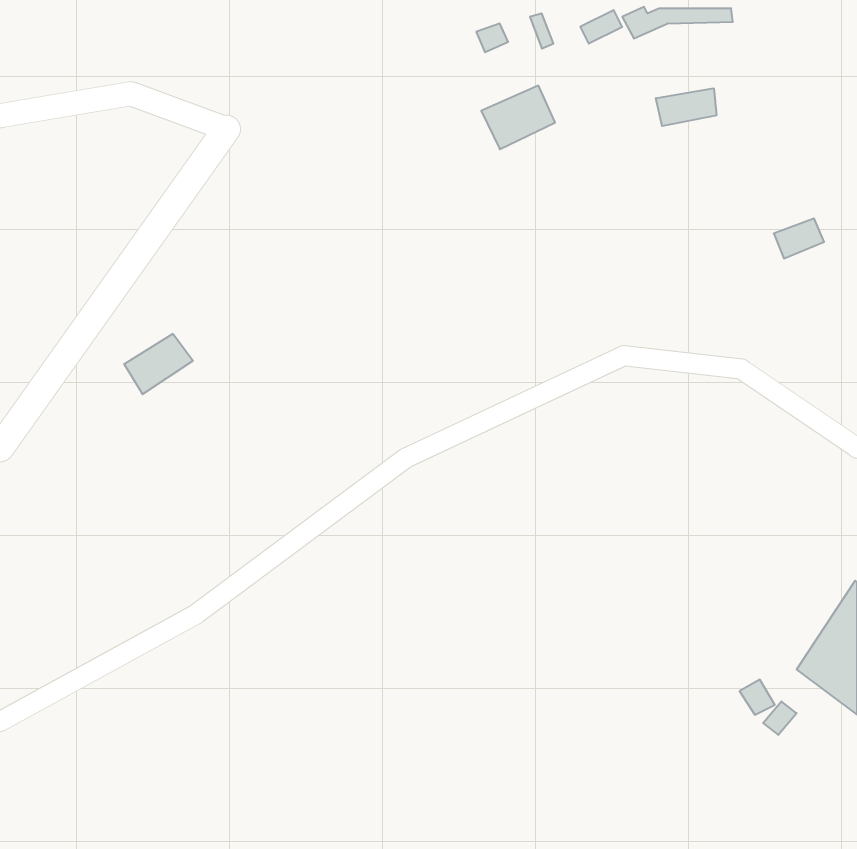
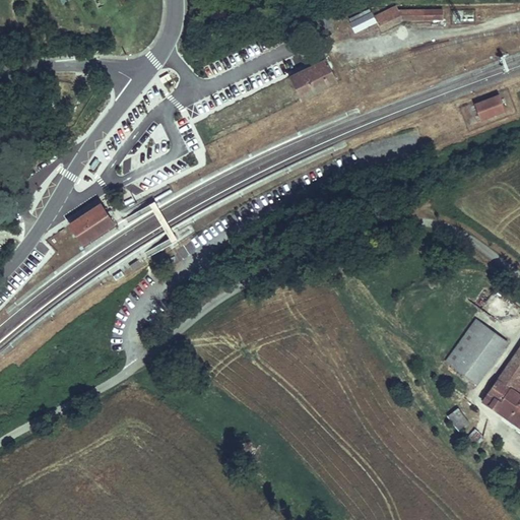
building: [656,88,716,126] -> none
building: [774,218,824,259] -> [475,89,506,114]
building: none -> [450,322,507,390]

